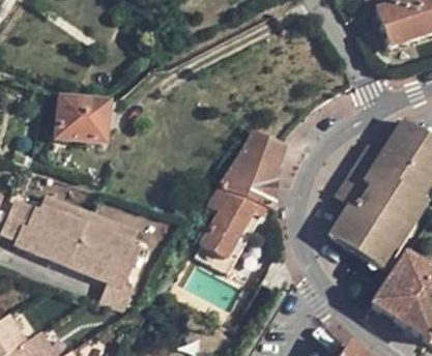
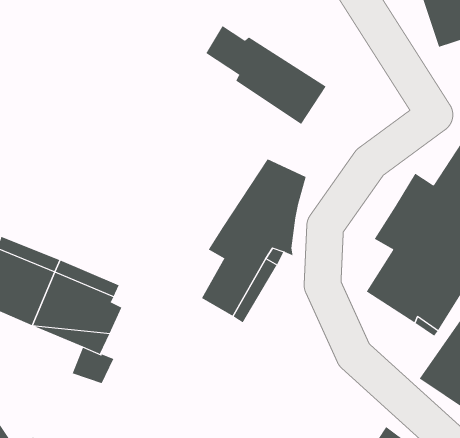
building: none -> [206,25,326,125]
building: [56,94,114,142] -> none

